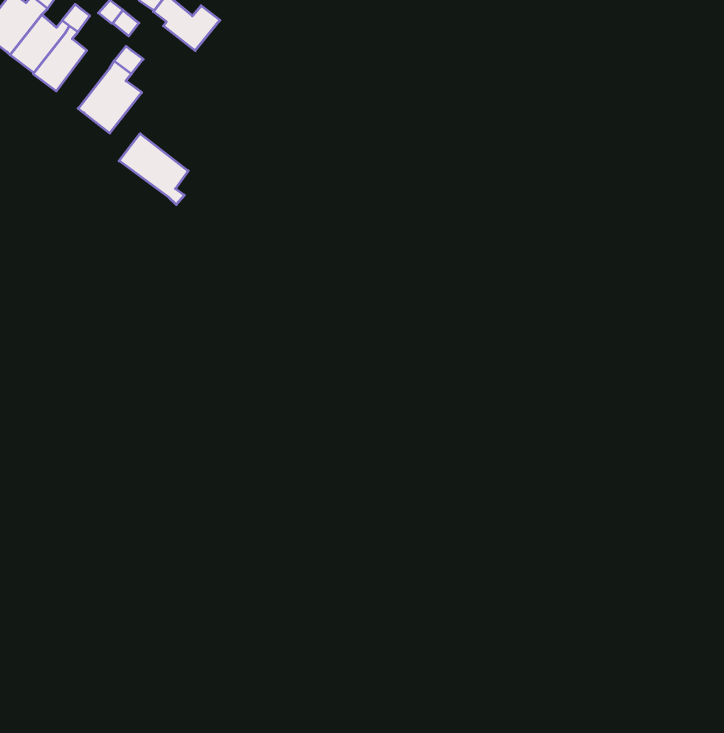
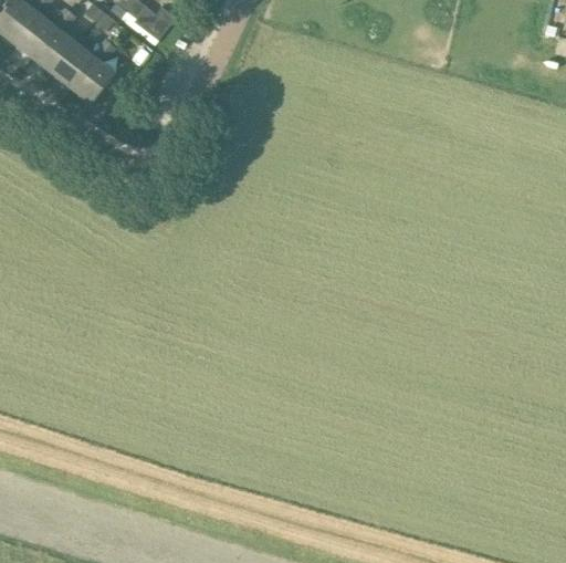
building: none -> [50,39,91,83]
building: [119,134,188,205] -> none

